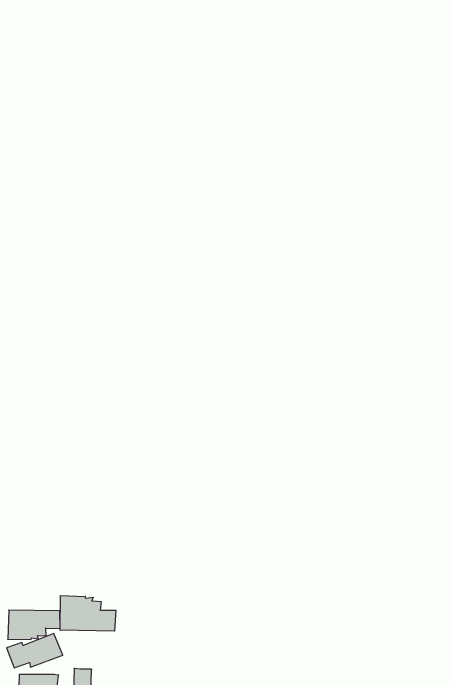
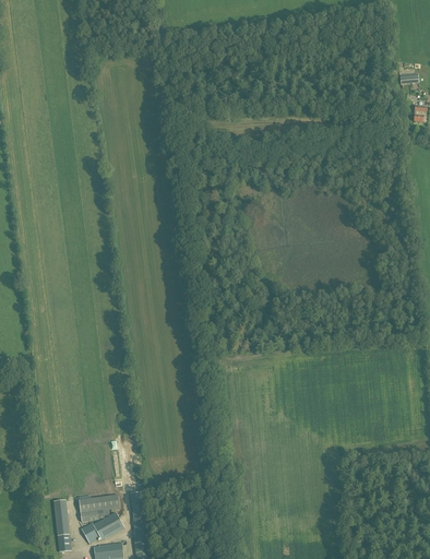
building: [60,596,116,631] -> none

